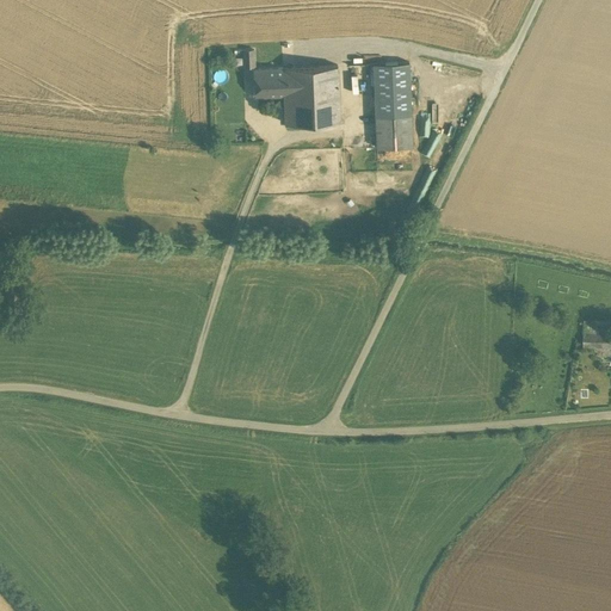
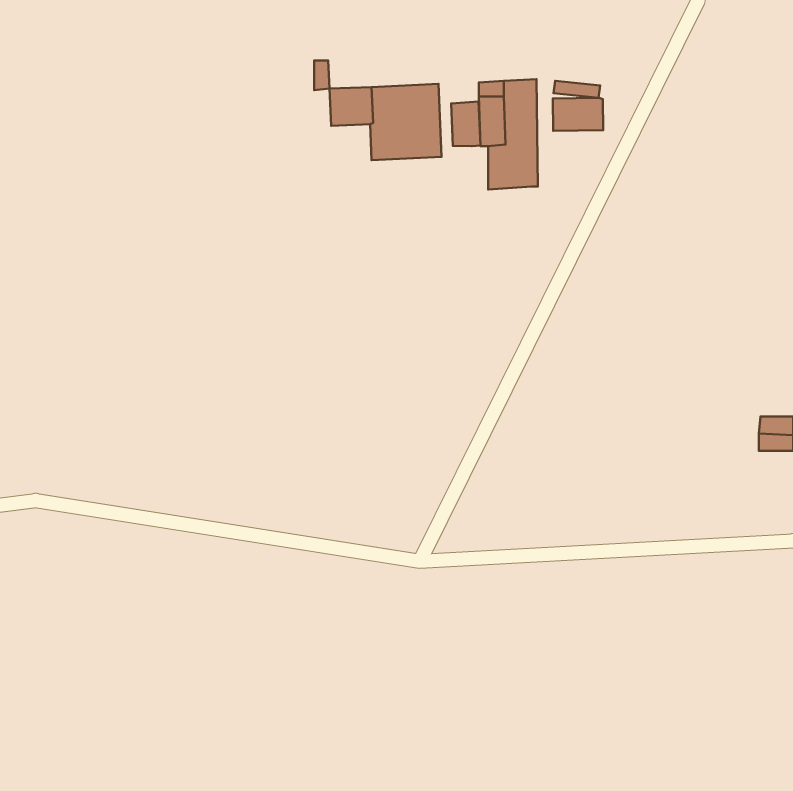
building: none -> [553,98,603,131]
building: none -> [451,102,480,146]

